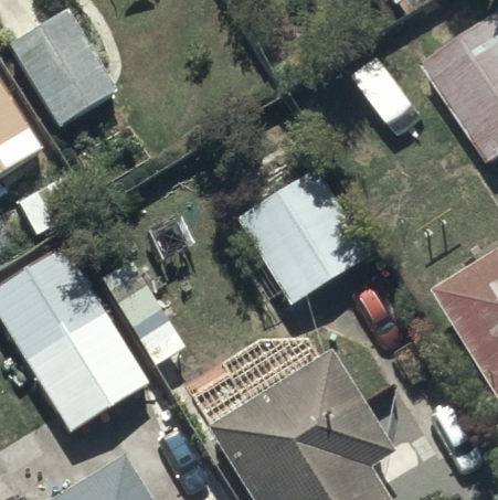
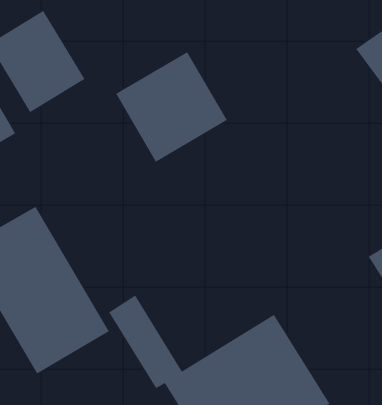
building: none -> [115,51,228,163]
building: [236,170,370,308] -> none

